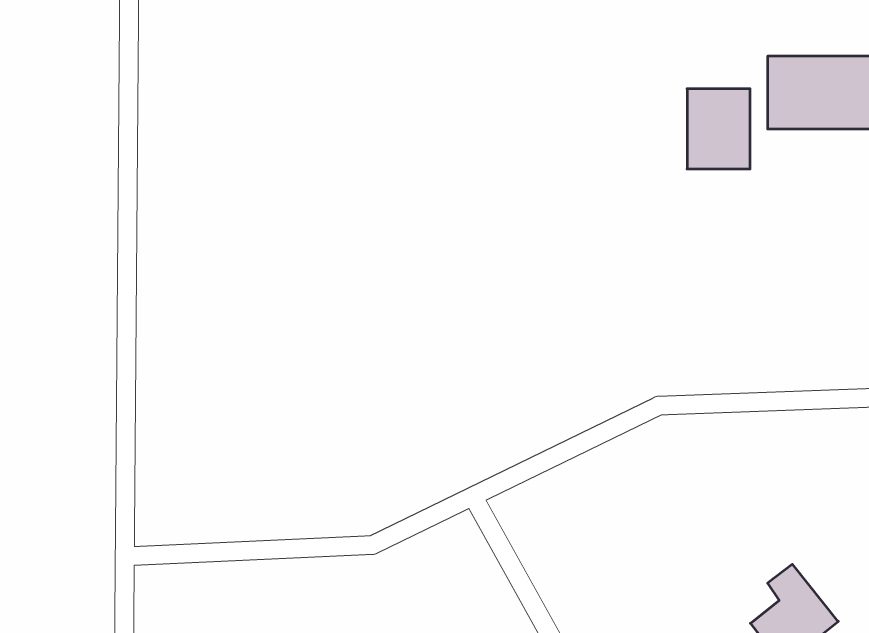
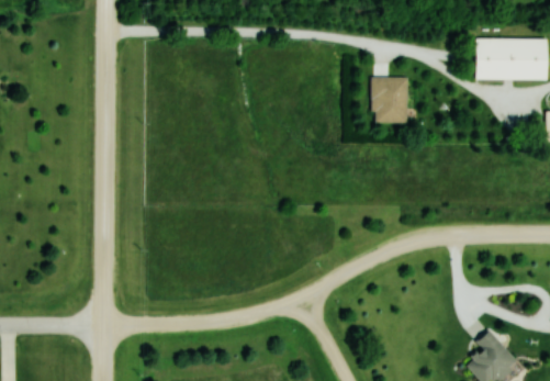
building: [687,89,750,169] -> [372,77,408,123]

